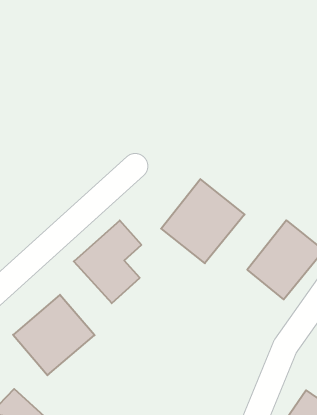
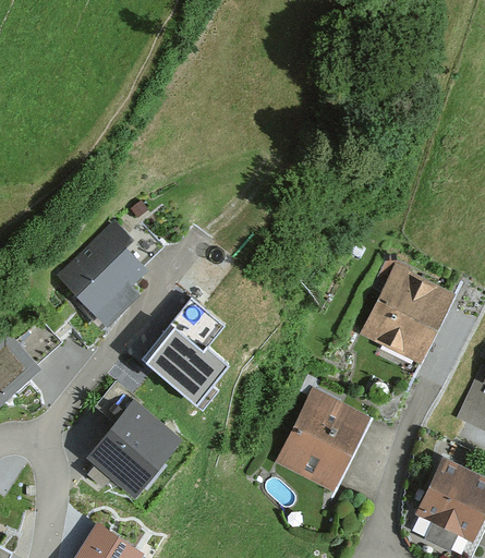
building: none -> [57,220,148,327]
building: [161,179,245,263] -> none
building: none -> [271,390,357,486]

